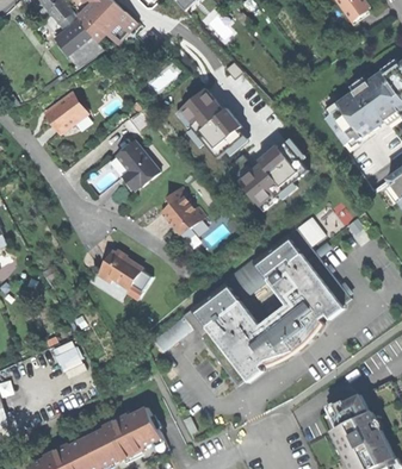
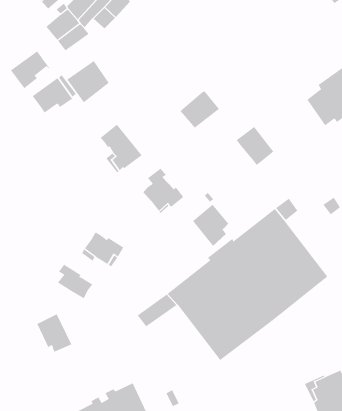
building: none -> [10,50,51,89]
building: none -> [67,60,110,103]
building: [175,86,219,129] -> none
building: [235,161,273,205] -> [192,204,229,247]
building: none -> [57,264,93,299]

